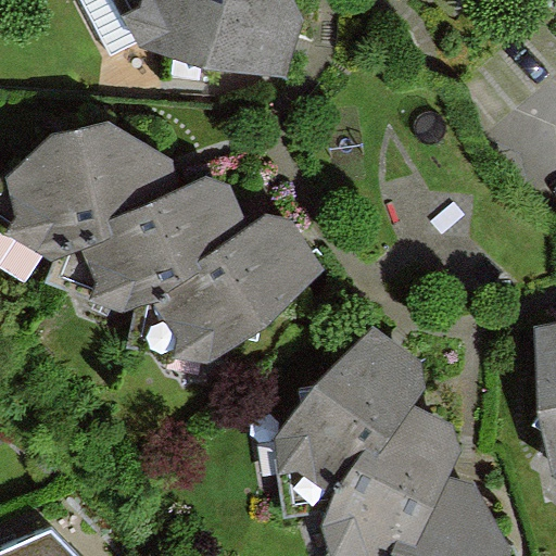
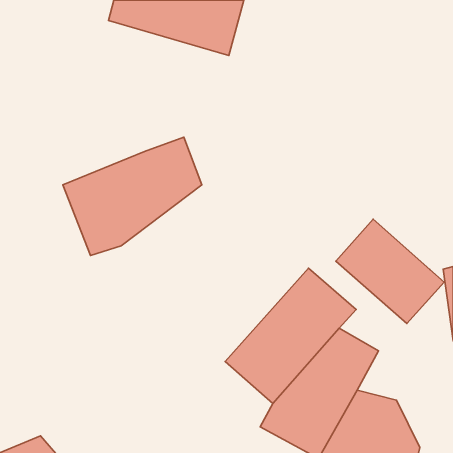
building: [7,119,175,241] -> none
building: [147,210,315,359] -> none
building: none -> [336,219,444,324]

